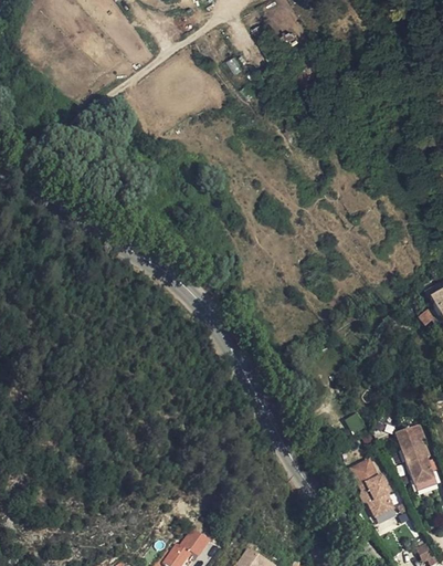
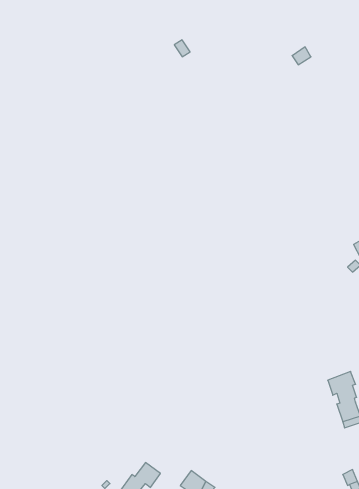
building: [350,460,393,517] -> none

